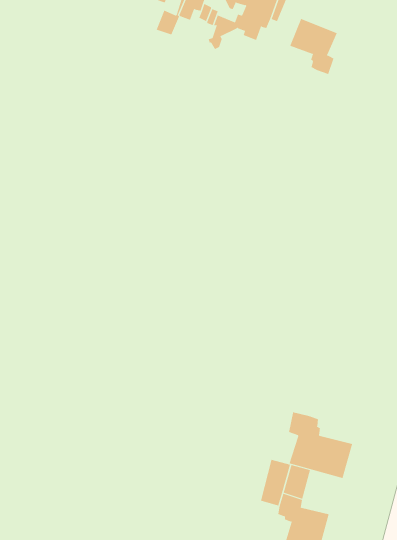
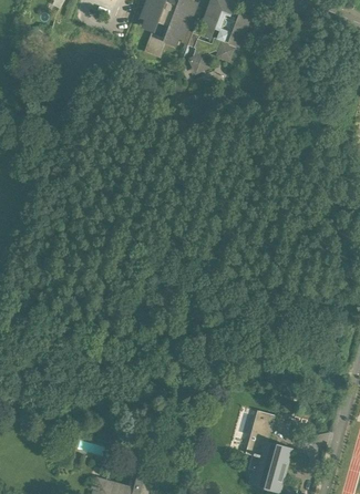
building: [290,18,338,75] -> none
building: [289,411,353,479] -> none

